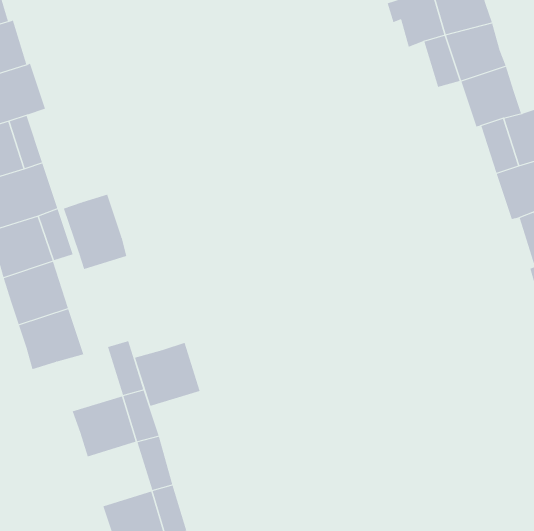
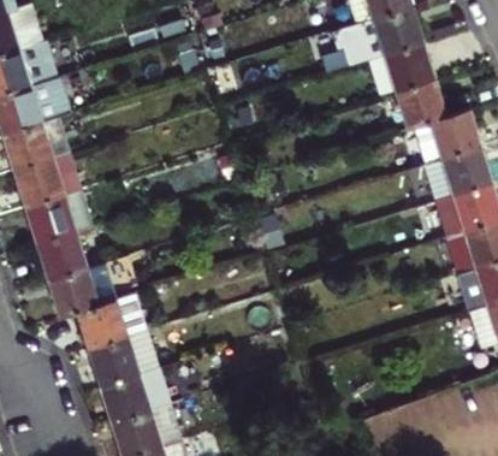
building: [63,194,127,270] -> none
building: [134,342,200,406] -> [78,297,130,348]
building: none -> [102,372,153,422]

